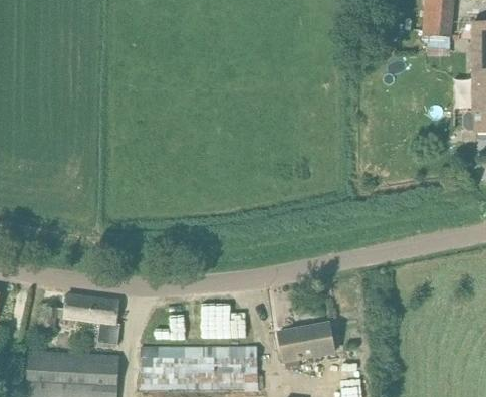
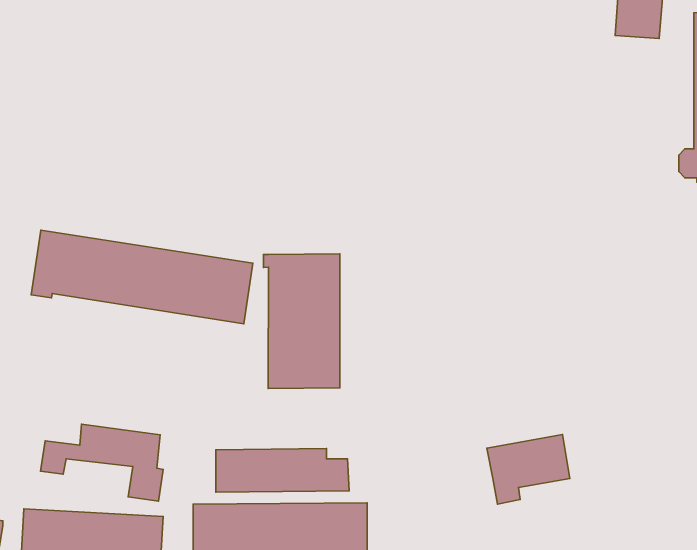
building: none -> [31,230,253,324]
building: none -> [263,254,340,389]
building: [278,323,333,369] -> [487,435,570,504]

